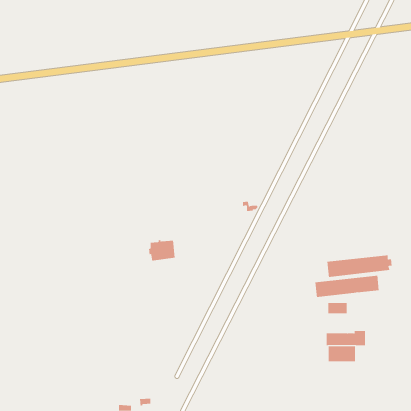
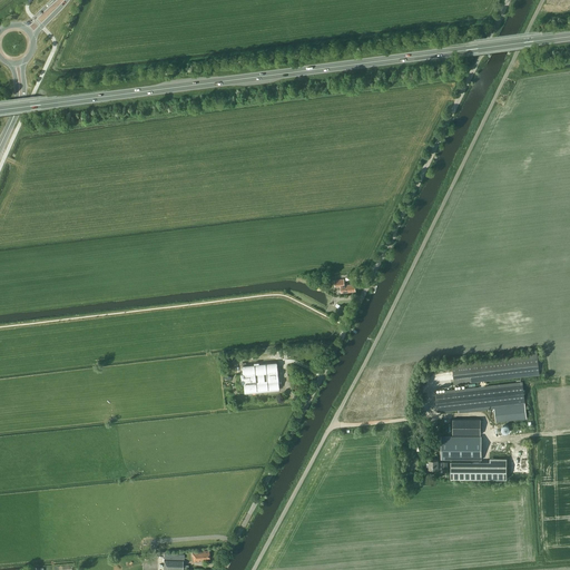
building: [148,239,175,261] -> [240,362,278,392]
building: none -> [494,402,527,422]
building: [328,346,356,362] -> [442,436,481,459]

